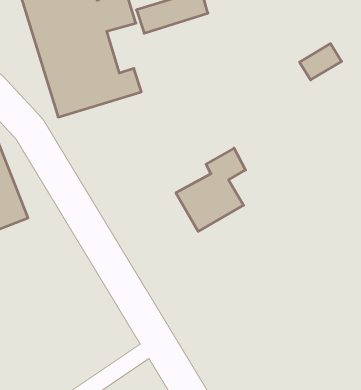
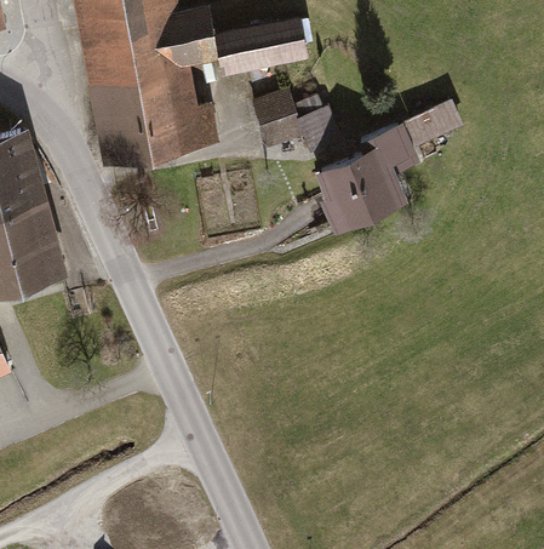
building: none -> [254,93,336,151]
building: [176,148,246,231] -> [322,128,410,224]

